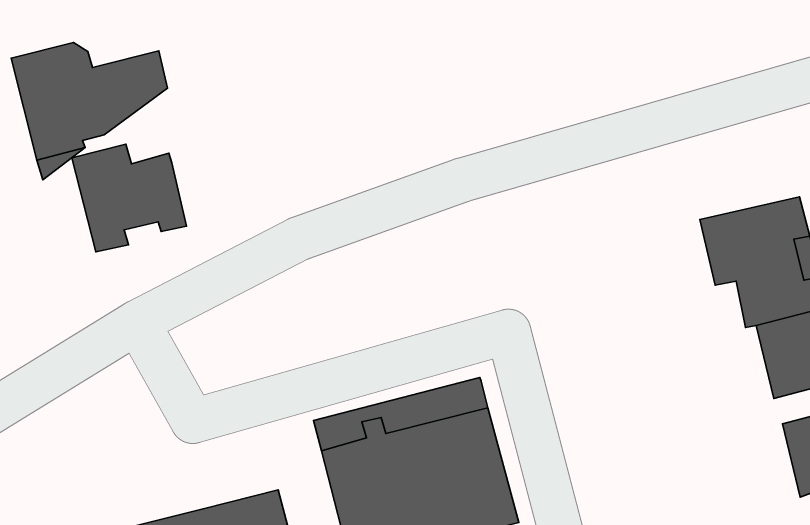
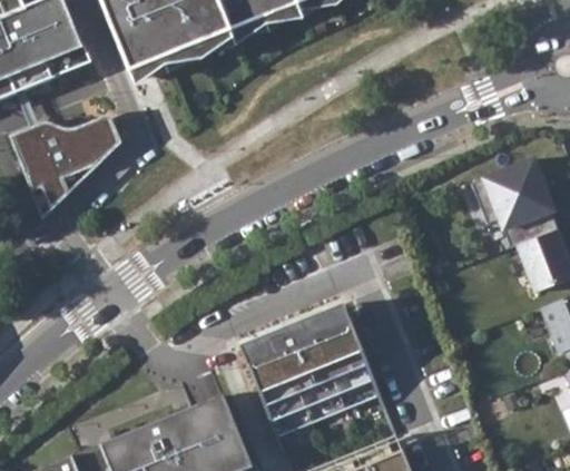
building: [72,144,186,252] -> none

